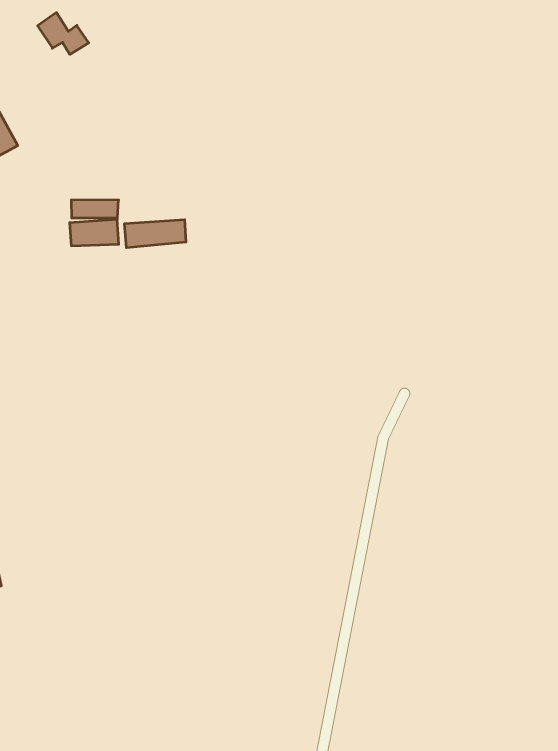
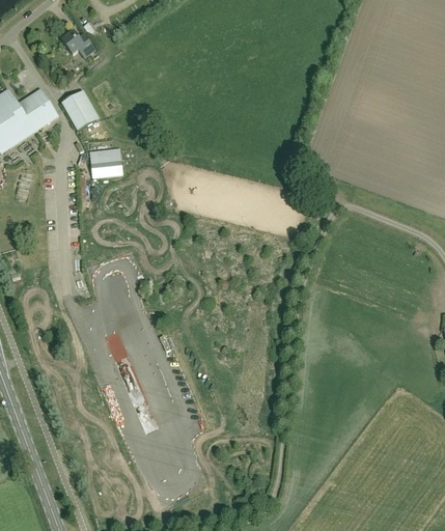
building: none -> [61,89,99,130]
building: [125,220,186,248] -> none

